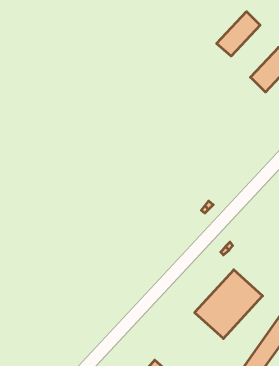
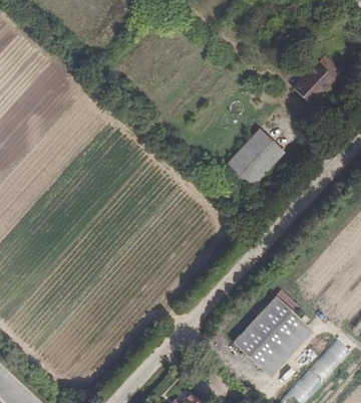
building: [217,12,260,56] -> none
building: none -> [226,129,285,189]

